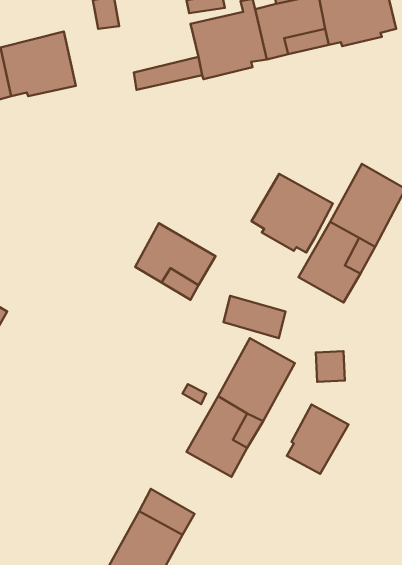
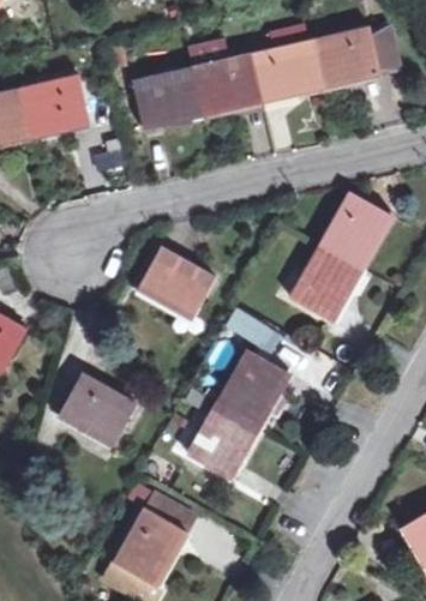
building: none -> [133,67,199,112]
building: [252,174,333,253] -> none
building: none -> [60,374,134,445]
building: [287,405,348,474] -> none

